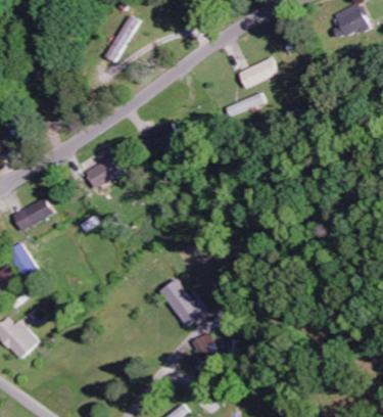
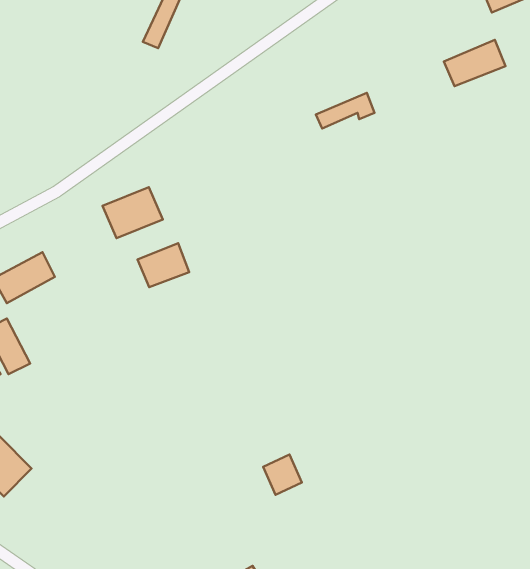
building: [238,57,279,88] -> [444,40,506,86]
building: none -> [138,243,189,287]
building: [159,277,208,326] -> none

